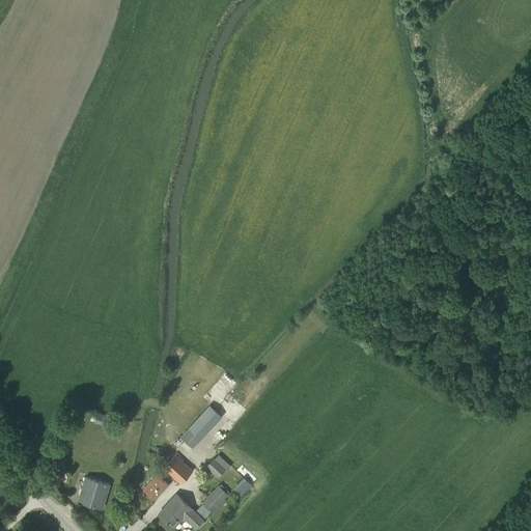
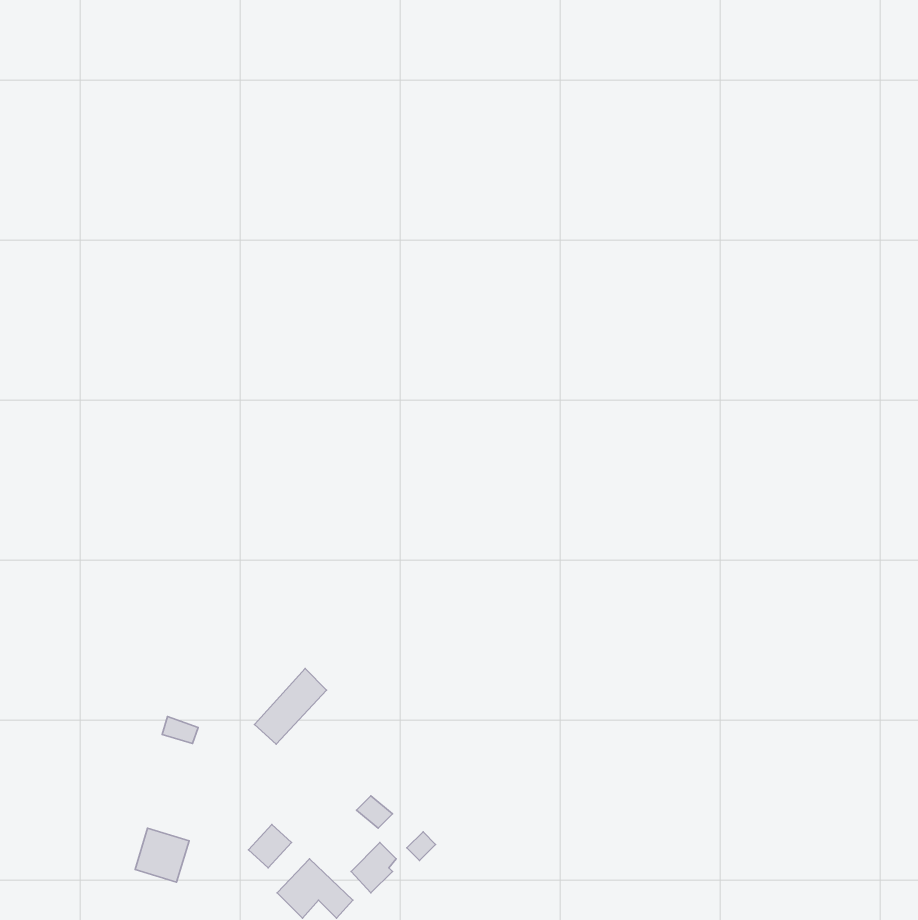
building: [181,404,223,448] -> [255,669,327,744]
building: [164,454,194,484] -> none

